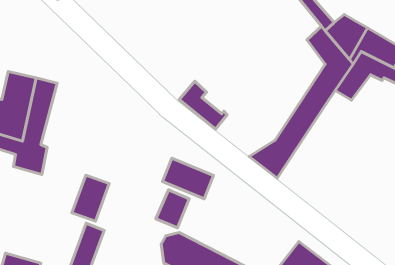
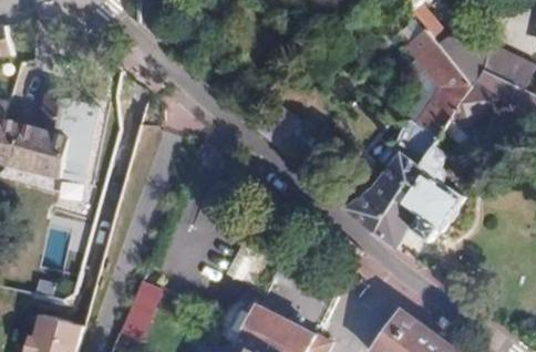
building: none -> [375,134,468,241]
building: [163,158,213,199] -> none
building: [72,175,109,221] -> none

